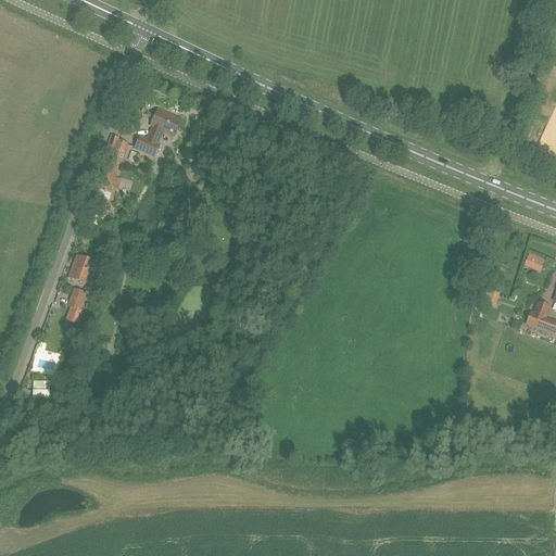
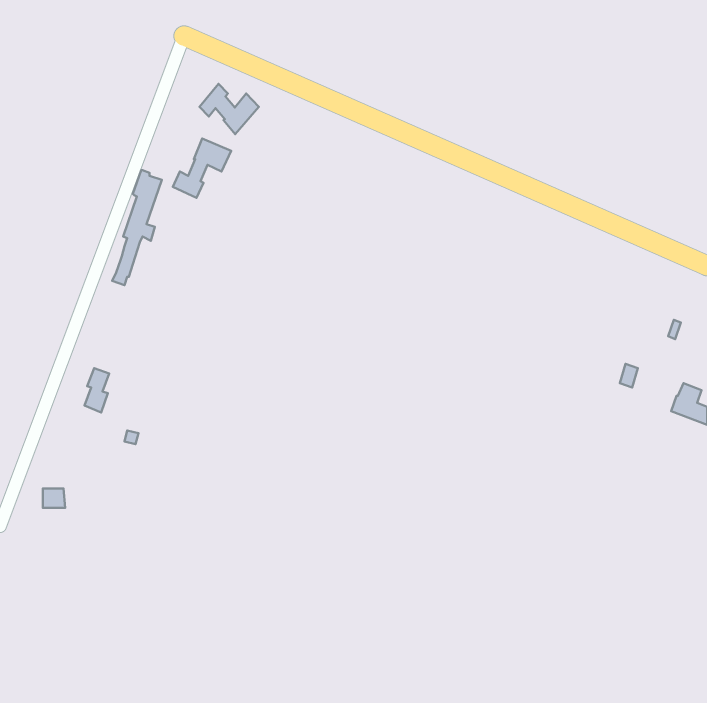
building: none -> [200,84,259,134]
building: [70,254,97,282] -> none

